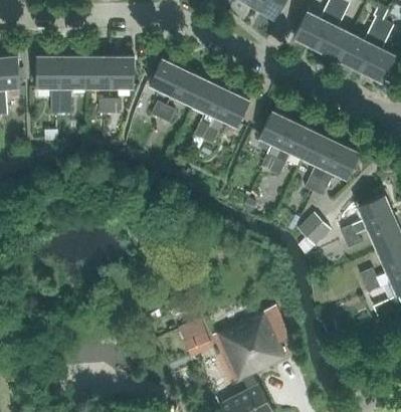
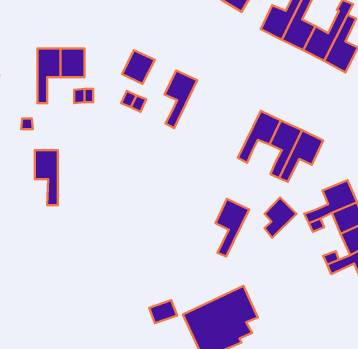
building: [36,57,60,115] -> [35,150,58,205]
building: [110,57,134,87] -> none
building: [170,69,205,106] -> none
building: [203,90,249,145] -> none
building: [258,112,293,172] -> [215,199,249,257]

